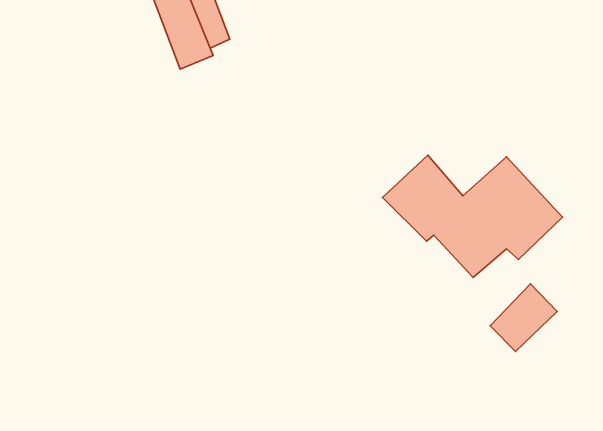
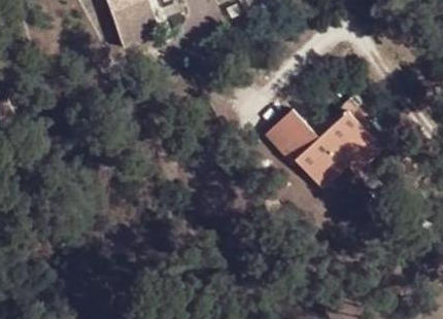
building: [490,284,557,352] -> none

